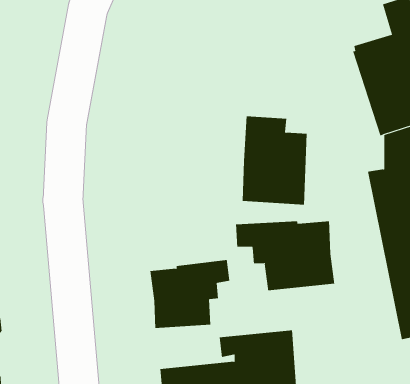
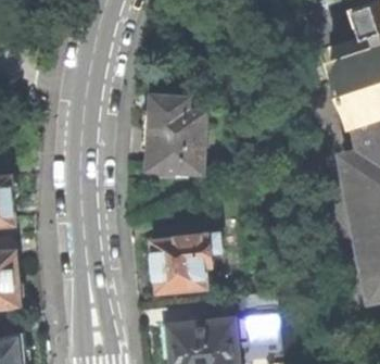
building: [242,116,307,205] -> [145,96,202,173]
building: [236,220,335,291] -> none

